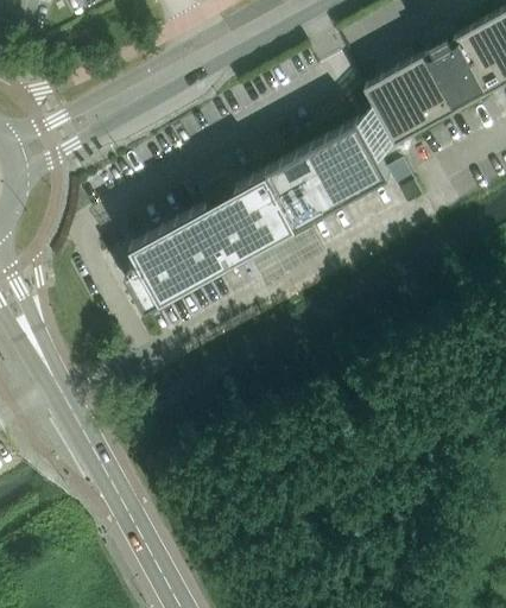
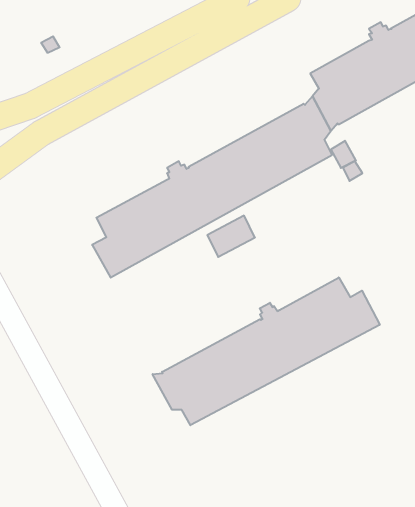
building: none -> [153,277,380,425]

